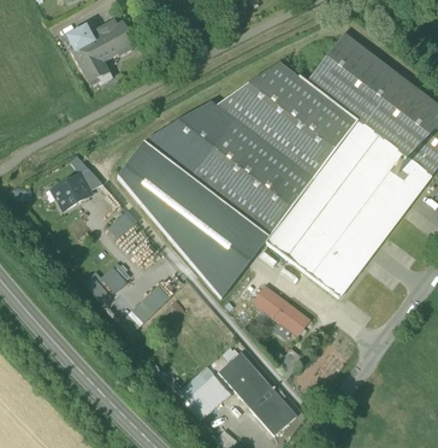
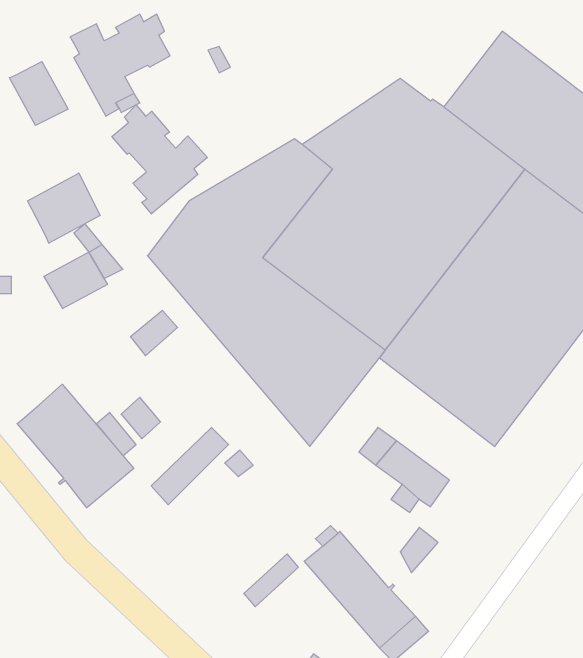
building: none -> [9,62,68,125]
building: none -> [112,105,207,214]
building: none -> [28,173,100,243]
building: none -> [17,384,134,508]
building: [187,373,231,417] -> none

